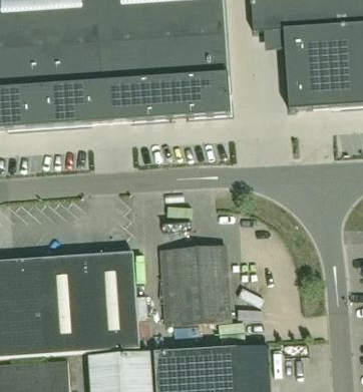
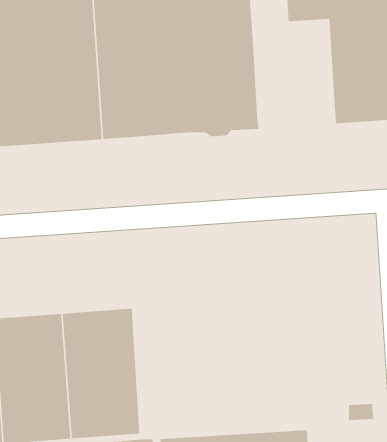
building: [160,245,231,326] -> none

